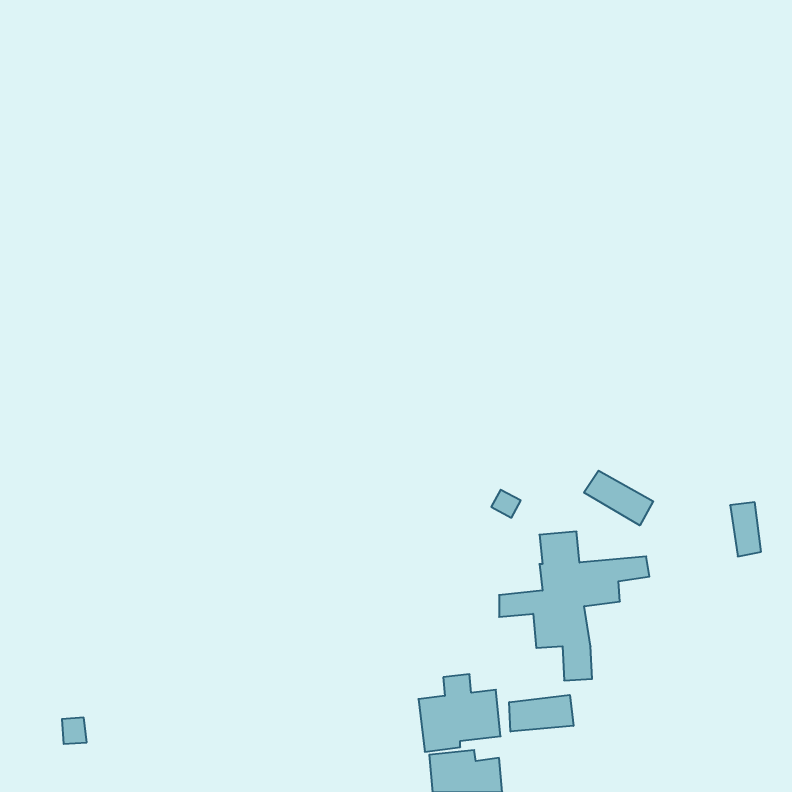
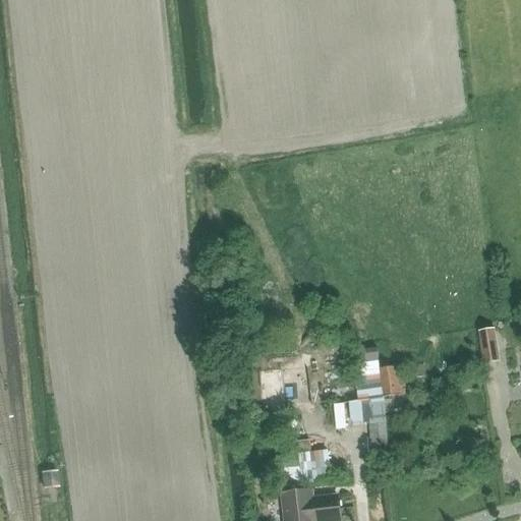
building: [584,471,653,525] -> none
building: [509,695,573,732] -> none

